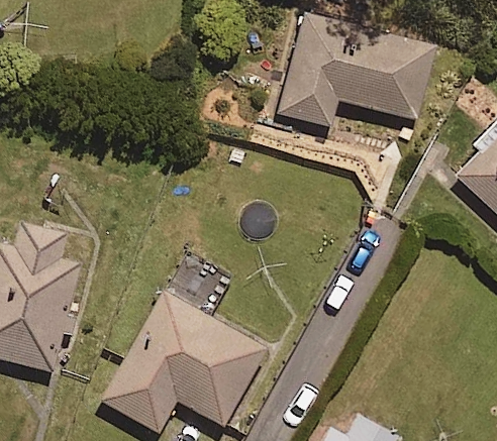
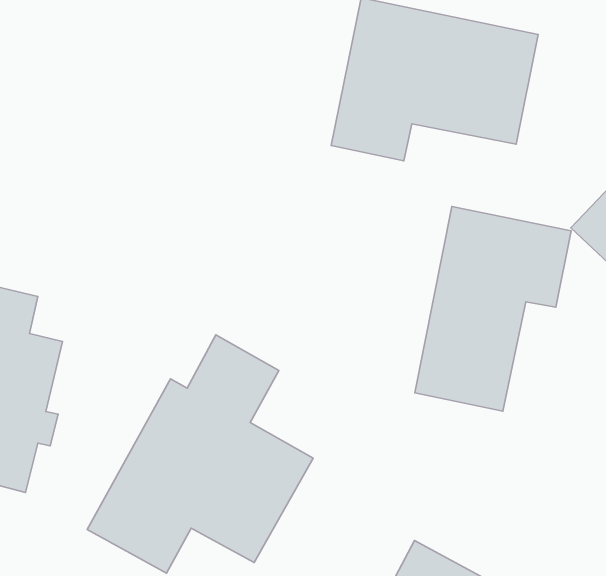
building: none -> [415,206,571,411]

